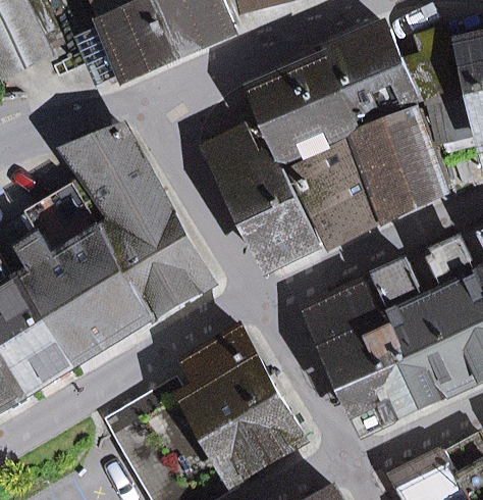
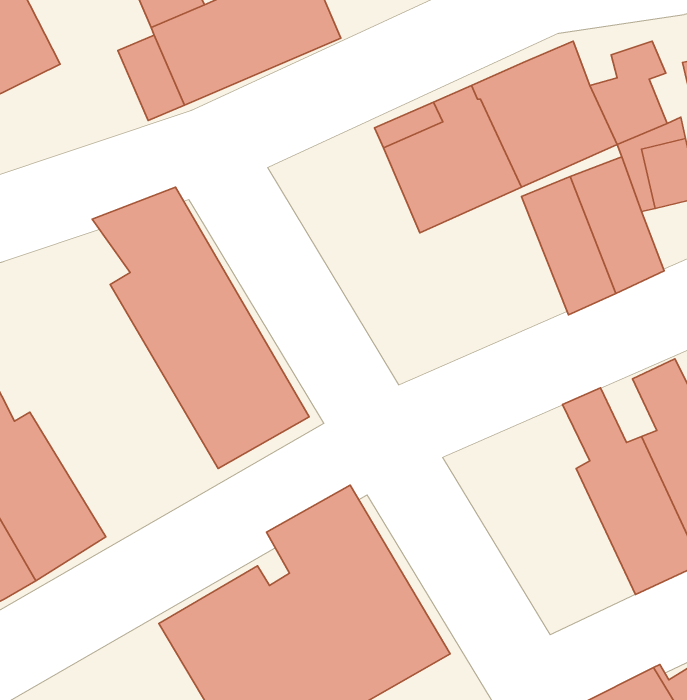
building: [205,127,319,270] -> none
building: [290,139,384,244] -> none
building: [18,186,149,364] -> none
building: [308,285,429,434] -> none

